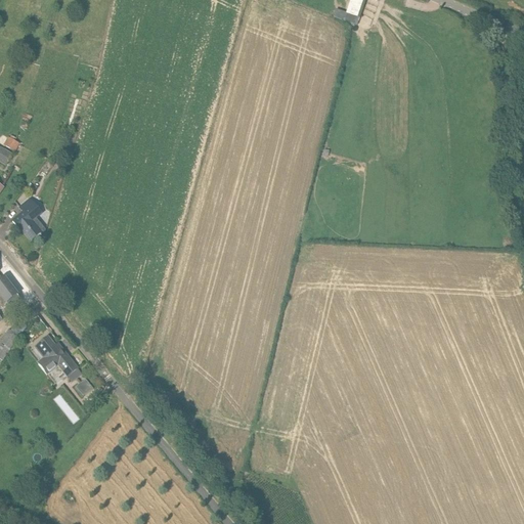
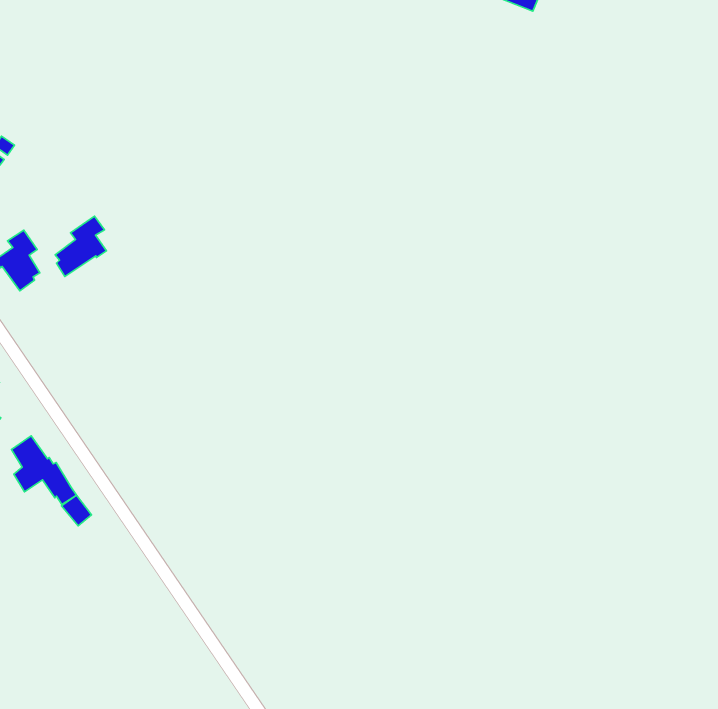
building: none -> [55,216,106,277]

